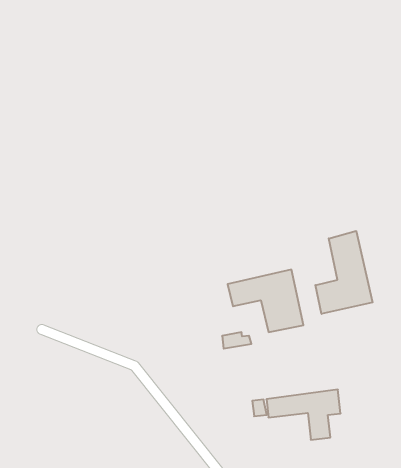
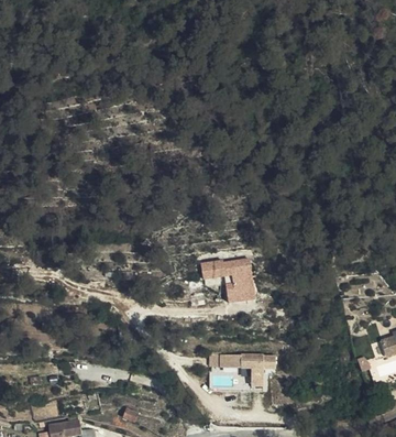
building: [315,231,373,314] -> none

